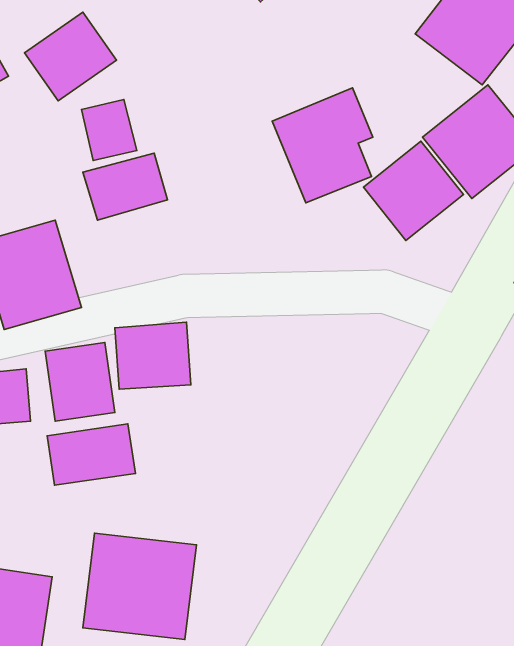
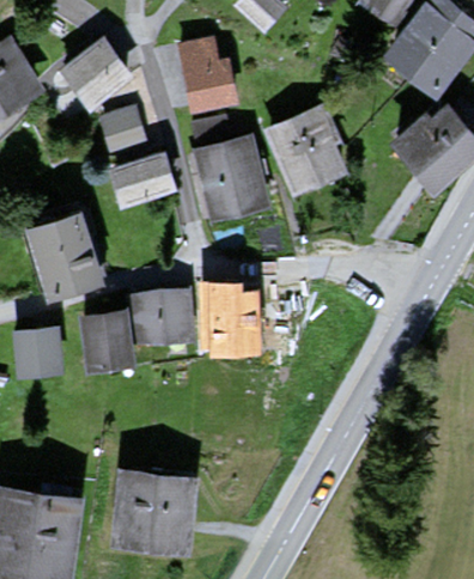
building: none -> [182,45,237,111]
building: none -> [194,135,272,223]
building: [363,141,463,240] -> none
building: none -> [201,286,260,356]
building: [47,424,135,485] -> none

